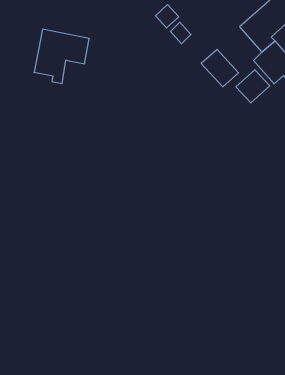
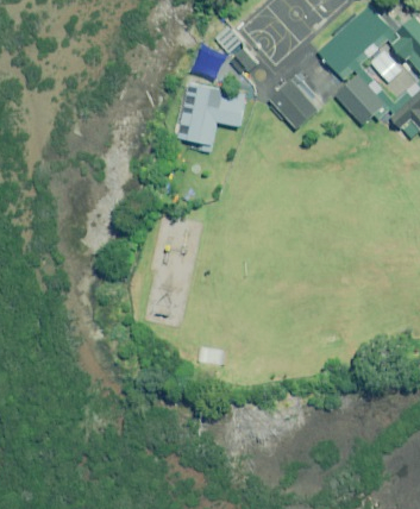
building: [34,29,89,83] -> [175,83,245,152]
building: [236,70,270,103] -> none

